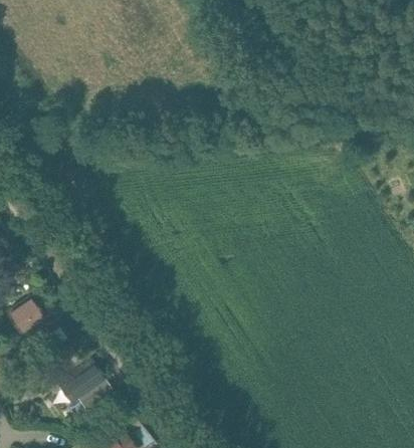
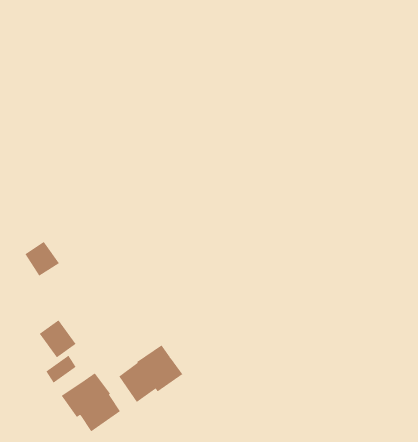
building: [9,299,41,331] -> [24,241,60,276]
building: none -> [118,345,183,403]

